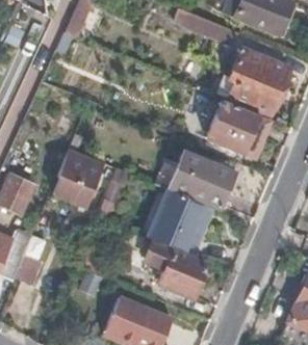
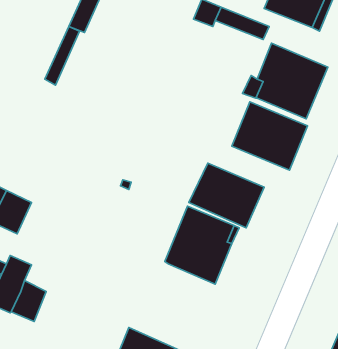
building: [53,158,100,206] -> none
building: [156,247,207,297] -> none

